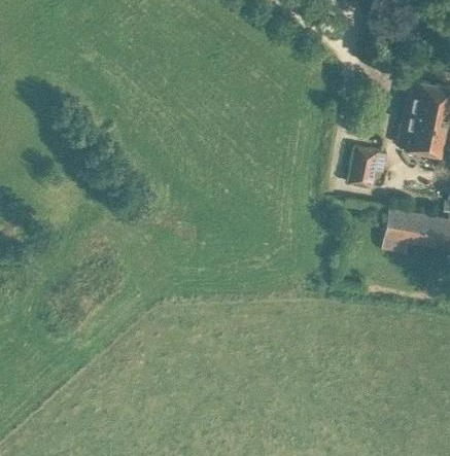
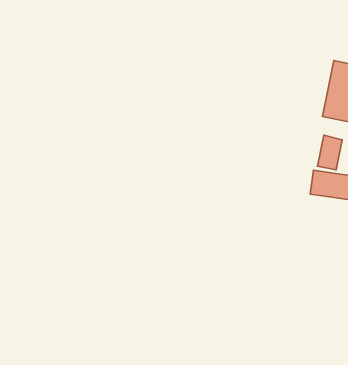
building: [351,149,380,189] -> [317,135,342,170]

